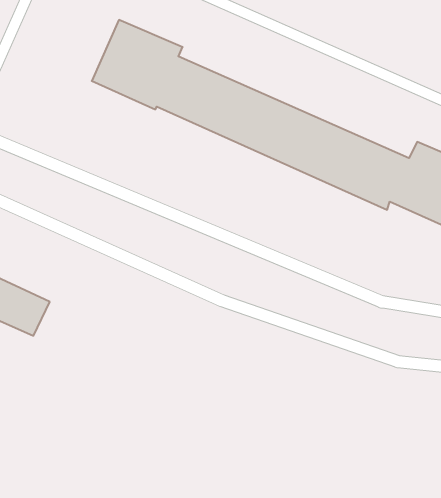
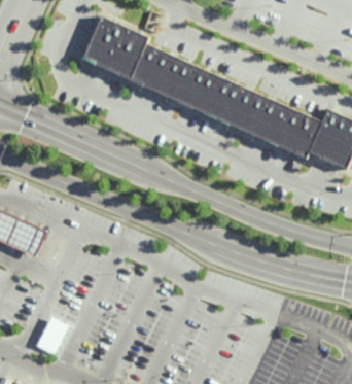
building: none -> [36,318,68,355]

